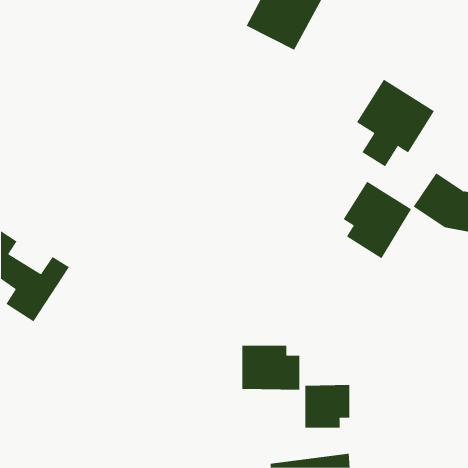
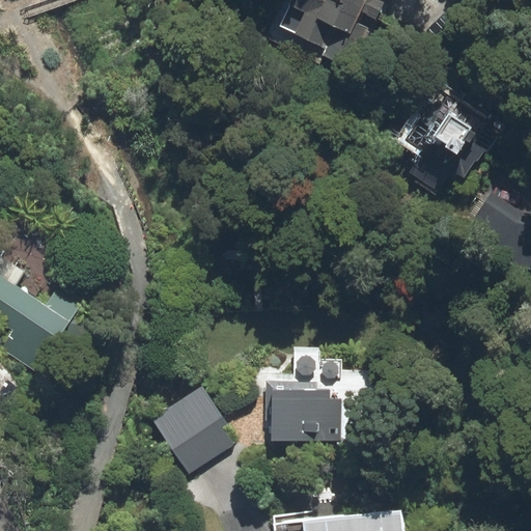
building: [343,181,412,259] -> none
building: none -> [159,392,228,467]
building: [305,384,350,429] -> none

